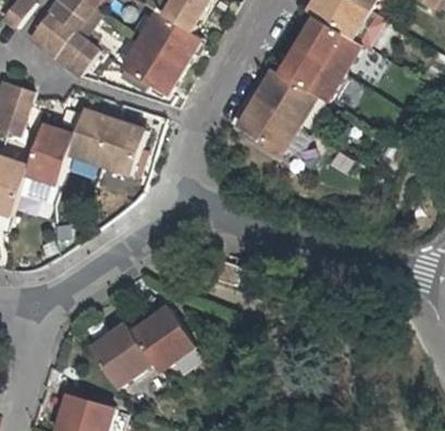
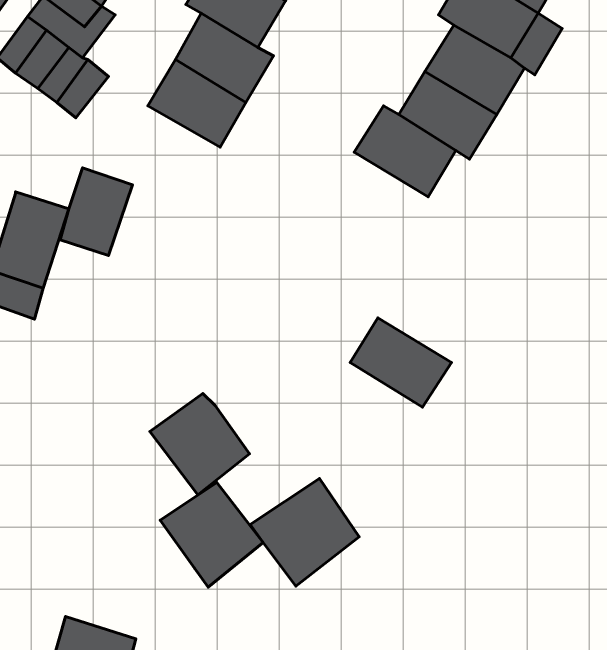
building: [235,98,299,155] -> [350,318,452,407]
building: [97,119,145,174] -> none
building: none -> [250,478,359,586]
building: [88,323,151,387] -> [150,394,249,495]

